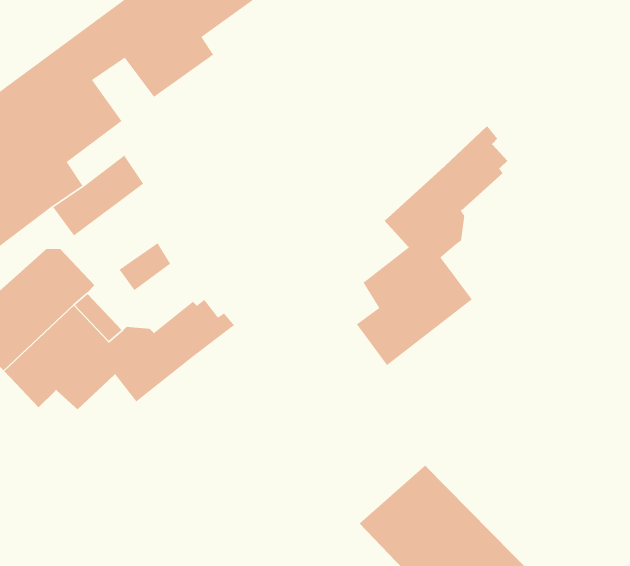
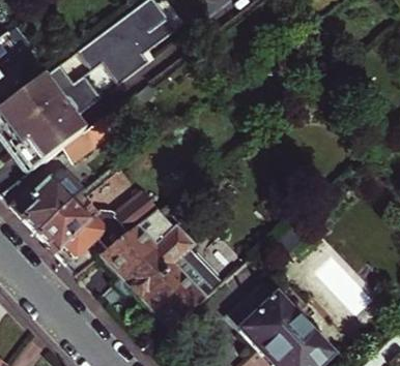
building: [356,124,508,366] -> none
building: none -> [99,208,228,329]

